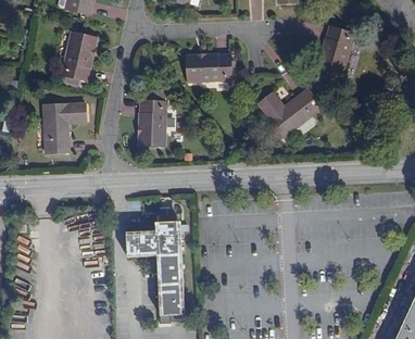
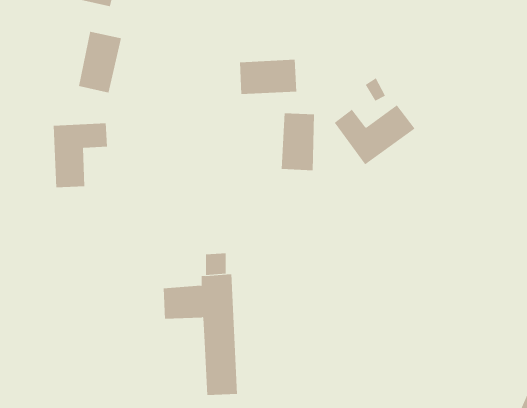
building: [319,27,354,76] -> none
building: [139,101,165,146] -> [281,113,315,171]

